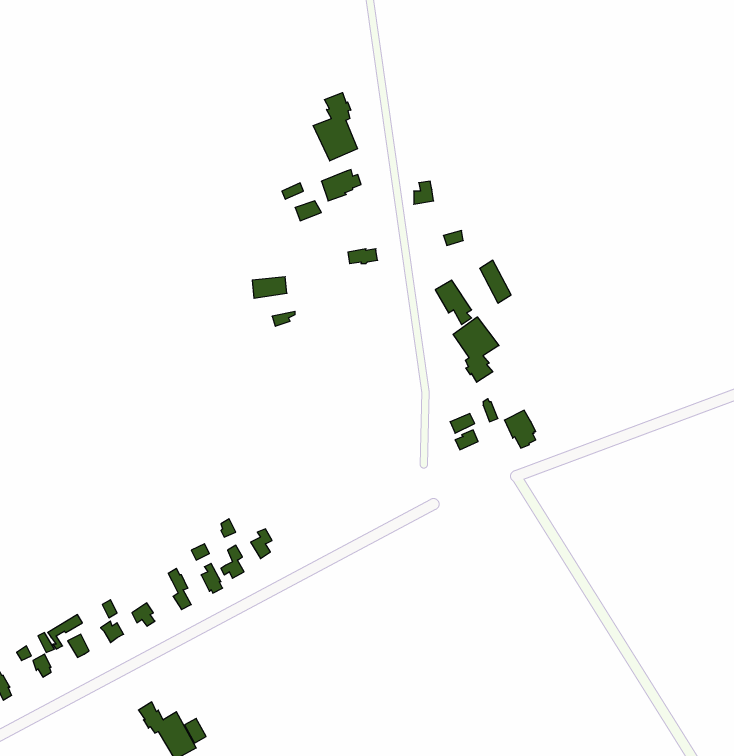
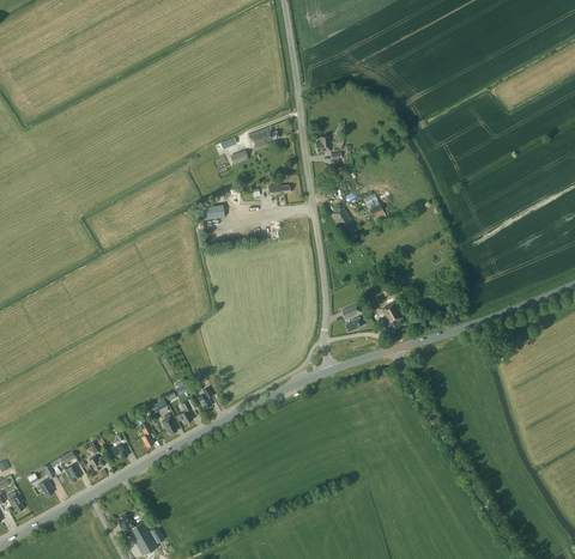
building: [313,93,357,161] -> none
building: [453,317,499,382] -> none

